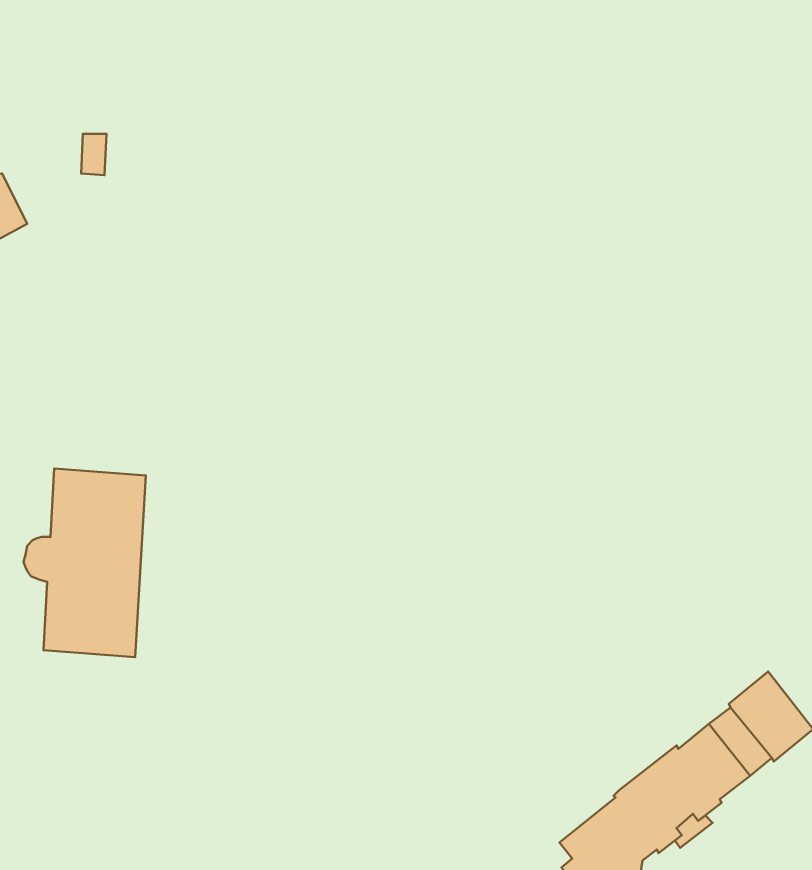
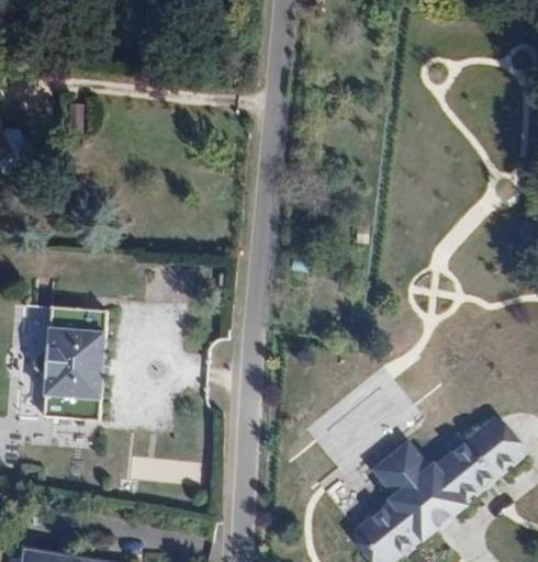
building: none -> [370,440,426,498]

